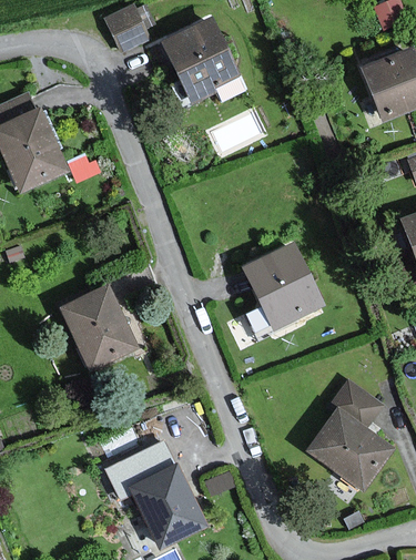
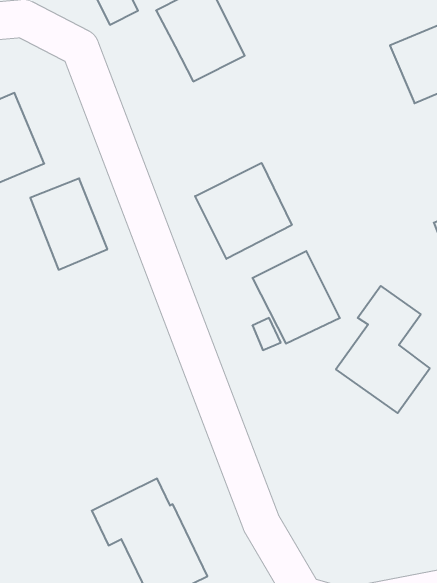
building: none -> [195,163,292,259]
building: [63,287,130,366] -> [30,178,107,270]
building: [308,379,389,489] -> [336,286,430,413]

